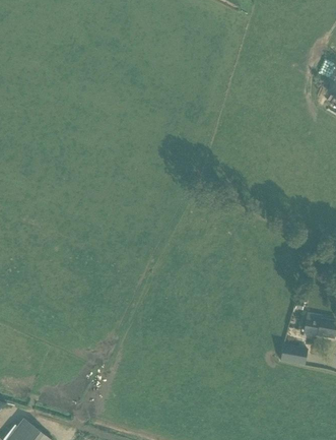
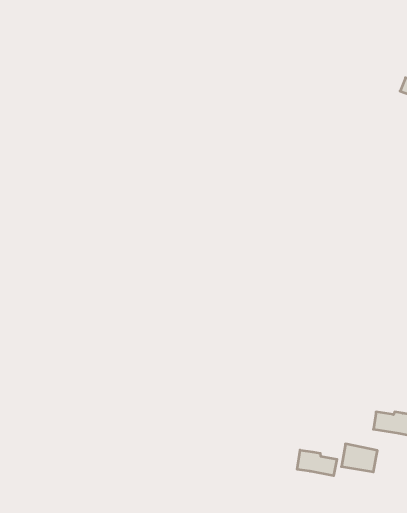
building: none -> [297,450,337,476]

